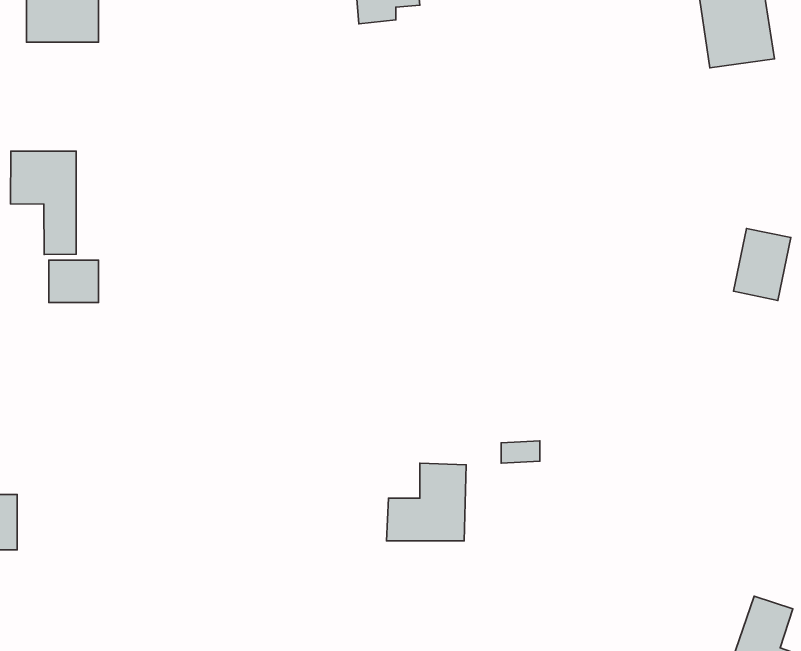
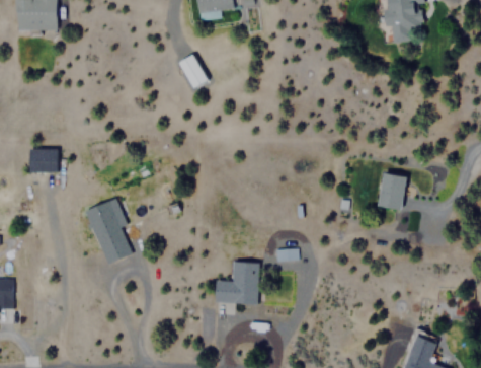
building: none -> [177,54,208,88]
building: [10,151,76,255] -> none
building: [733,228,791,300] -> [377,172,408,212]
building: none -> [85,198,132,264]

